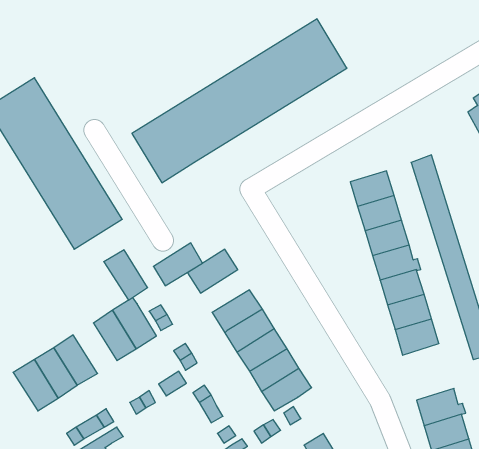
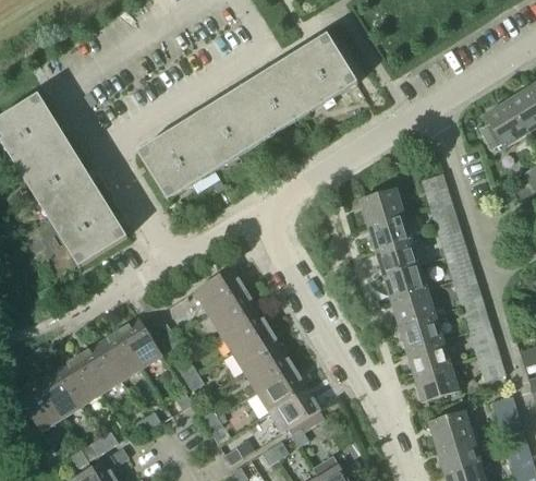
building: [153,243,203,286] -> [207,288,257,332]
building: [104,250,148,300] -> [77,342,122,394]
building: none -> [413,363,458,400]

